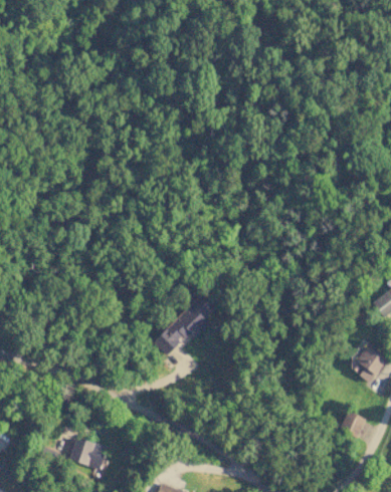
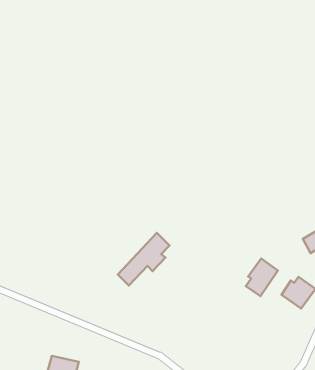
building: none -> [246,259,278,296]
building: [339,412,365,438] -> none

